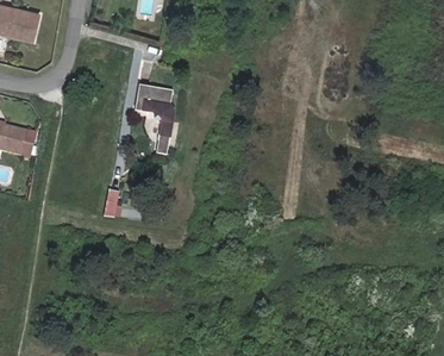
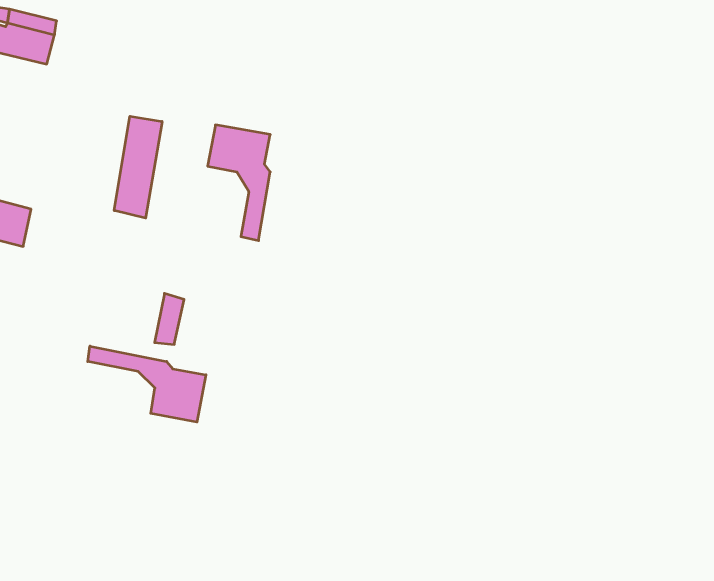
building: none -> [114,116,162,218]
building: none -> [88,346,206,422]

